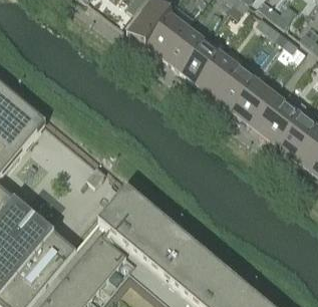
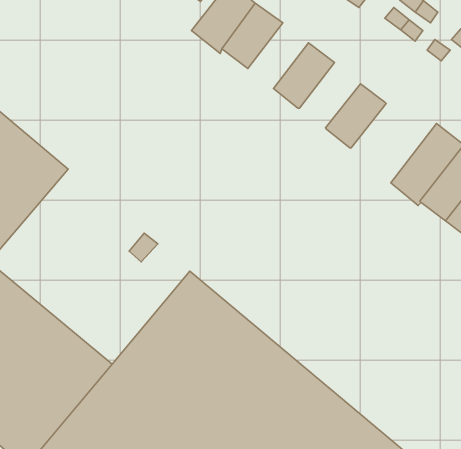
building: [165,24,205,67] -> none
building: [196,50,239,96] -> none
building: [231,77,274,122] -> none

